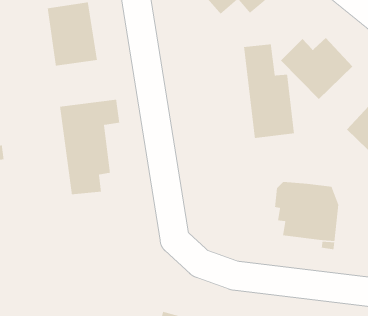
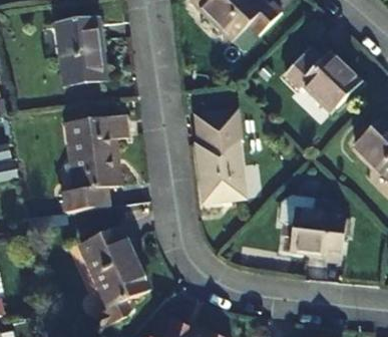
building: [243,43,295,139] -> [193,110,245,205]
building: none -> [74,222,140,322]

